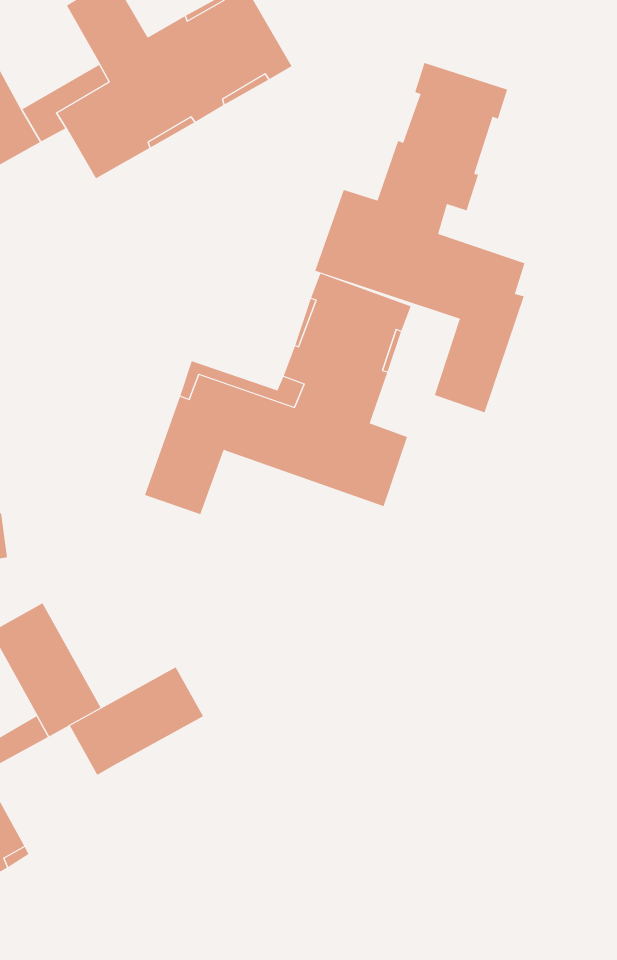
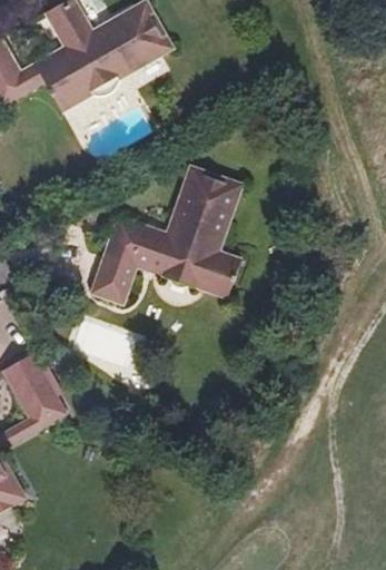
building: [314,62,525,413] -> none
building: [69,666,204,776] -> none

